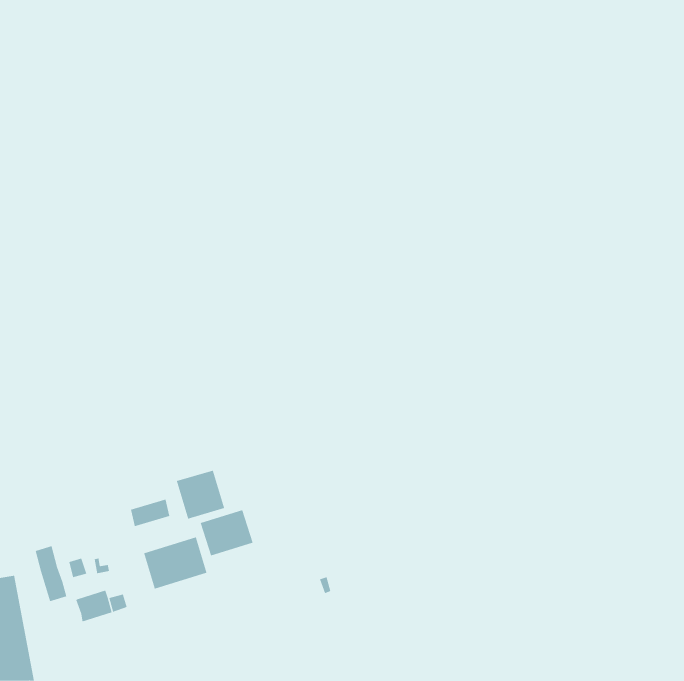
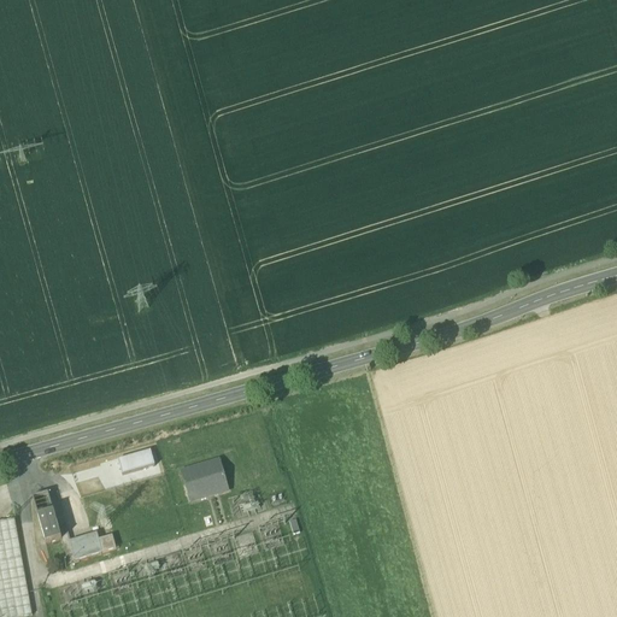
building: [176,470,225,519] -> none
building: [143,537,207,590] -> none

